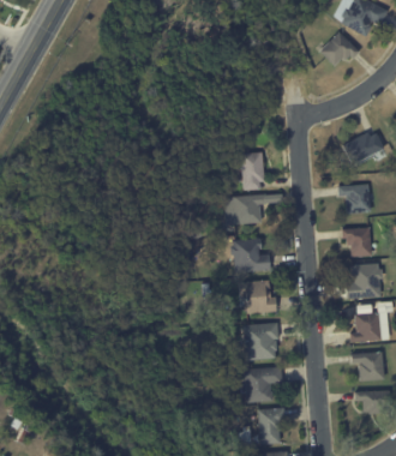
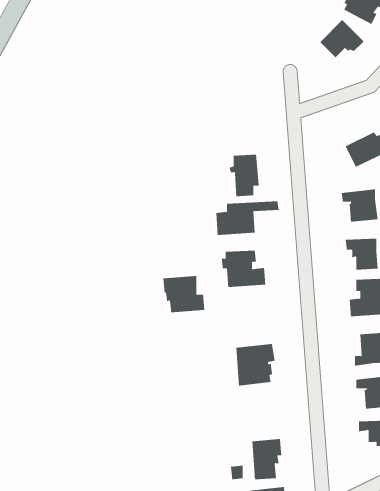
building: [239,281,277,314] -> [162,276,205,313]
building: [245,367,282,403] -> none

